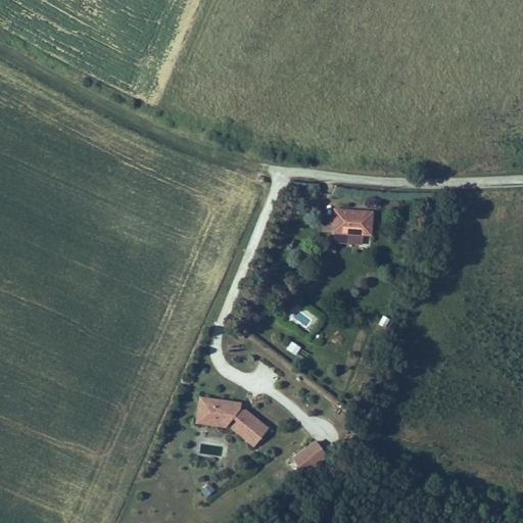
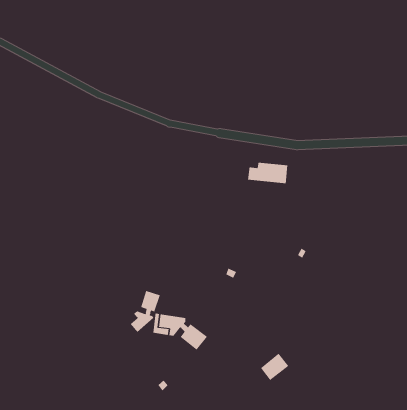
building: none -> [130,290,160,333]
building: [295,440,332,476] -> [260,353,289,381]

